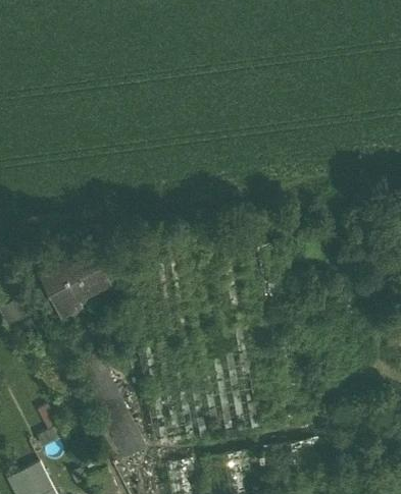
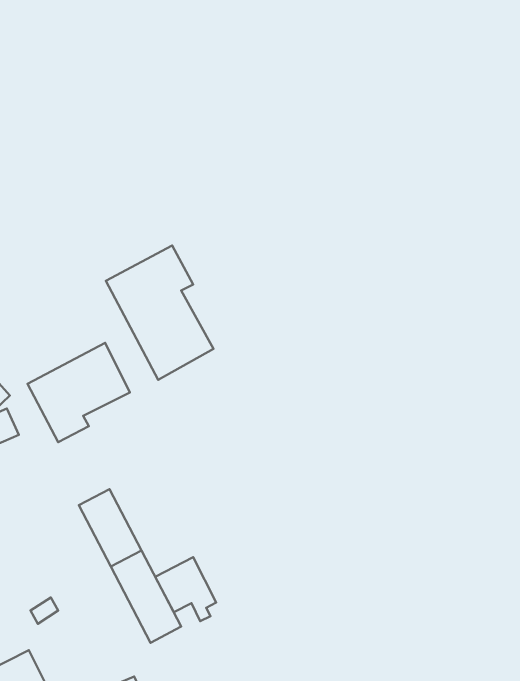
building: none -> [106,246,213,380]
building: none -> [155,557,216,621]

